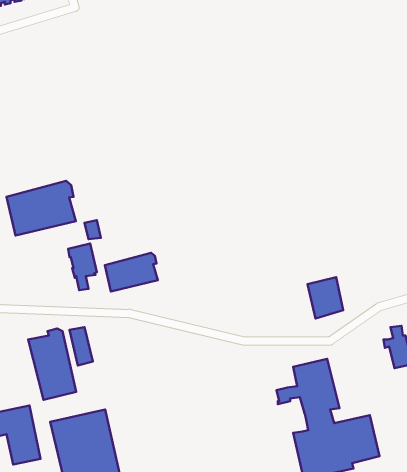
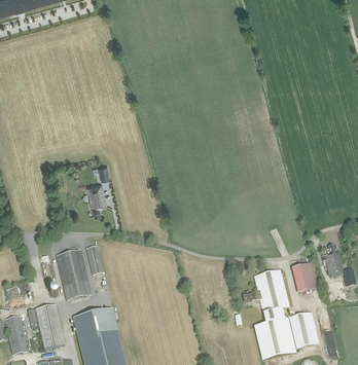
building: [6,181,76,235] -> none
building: [105,253,158,291] -> none
building: [307,277,343,318] -> [292,264,319,295]

